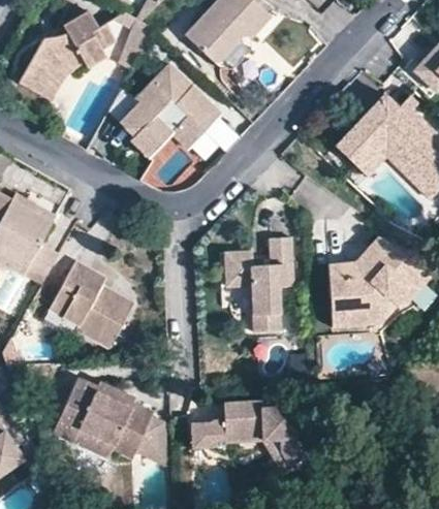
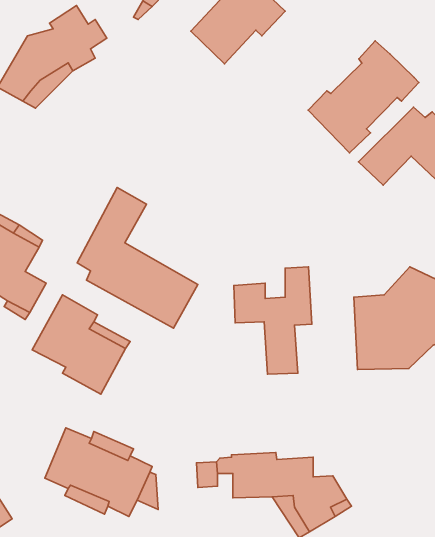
building: none -> [308,41,419,153]
building: [119,73,217,153] -> none
building: none -> [77,188,198,328]

